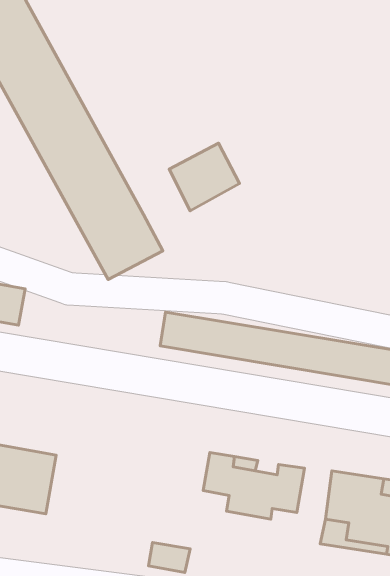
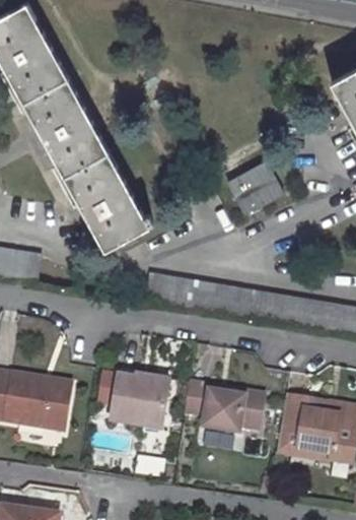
building: [169,143,239,211] -> [227,160,282,213]
building: none -> [91,374,164,430]

